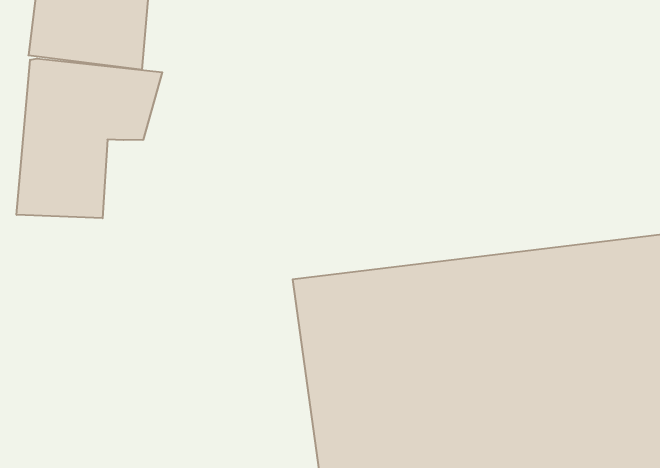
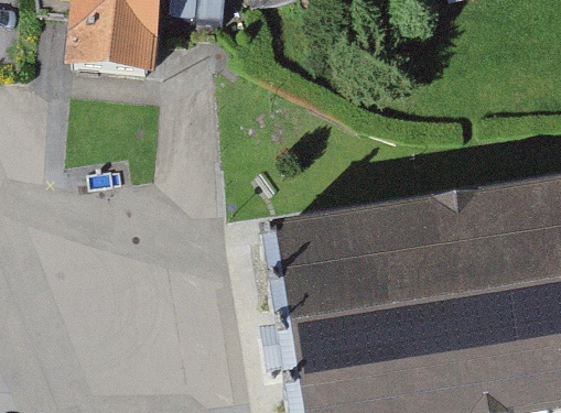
building: [17,58,162,218] -> none

